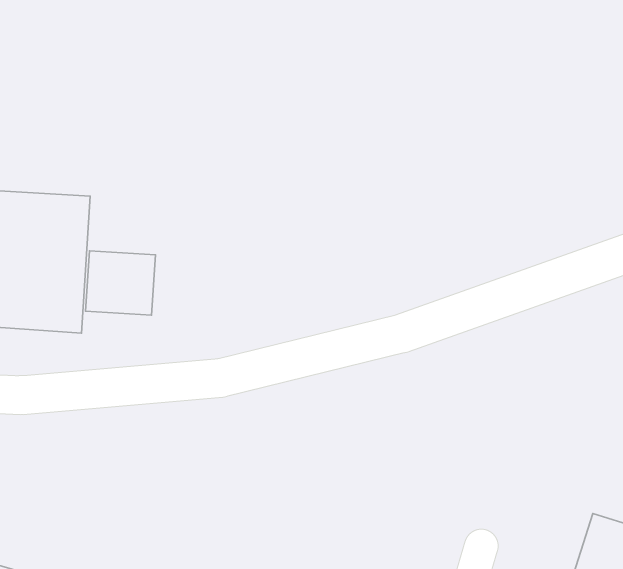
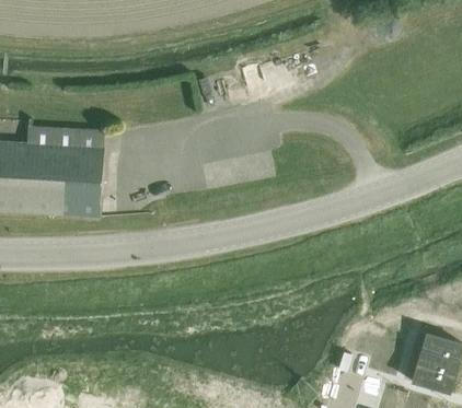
building: [86,251,155,315] -> none

